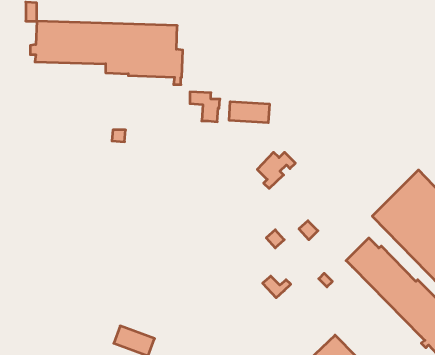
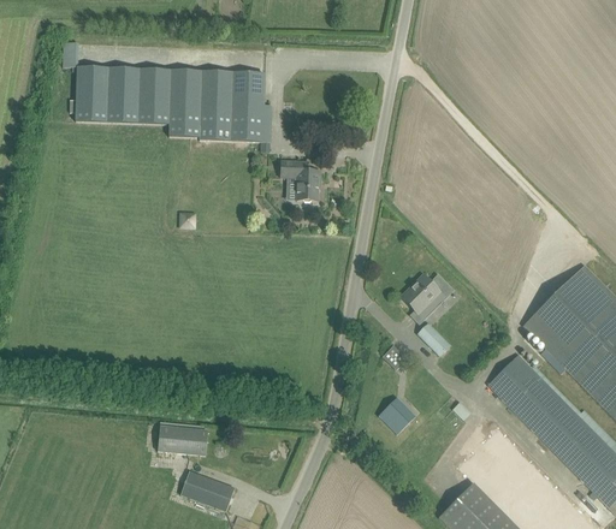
building: [229,102,269,123] -> none
building: [257,152,295,188] -> [402,273,452,321]
building: none -> [158,426,208,453]

